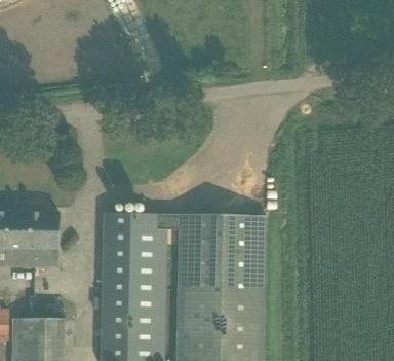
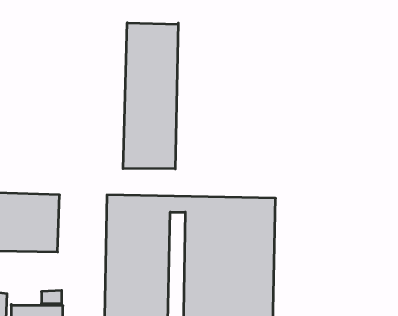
building: none -> [123,23,178,169]

